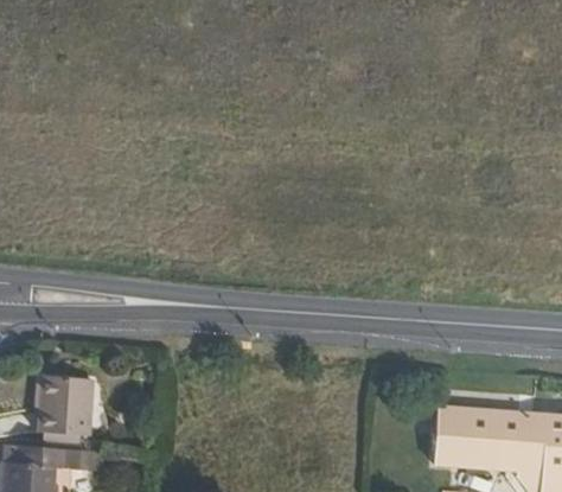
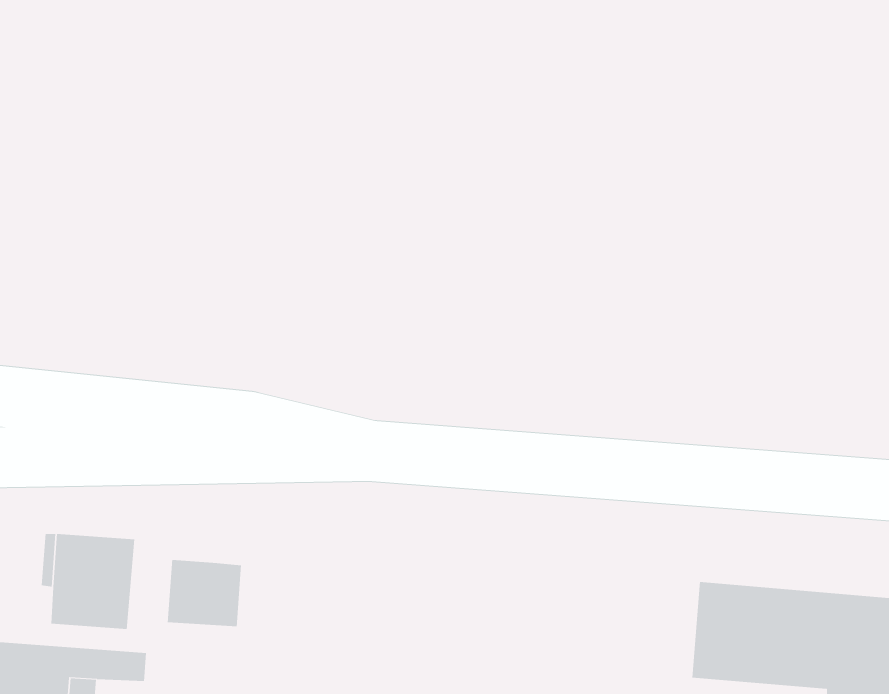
building: none -> [167,559,242,627]

